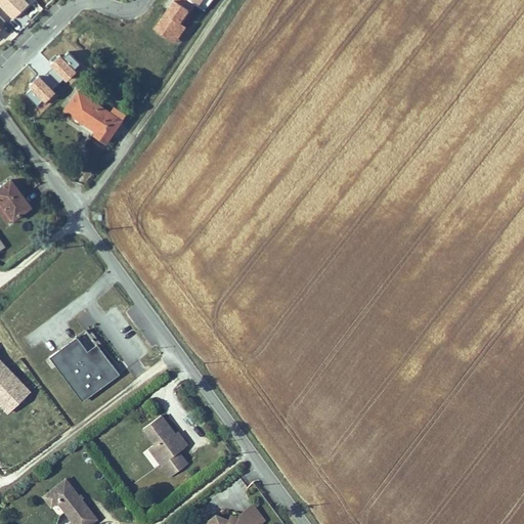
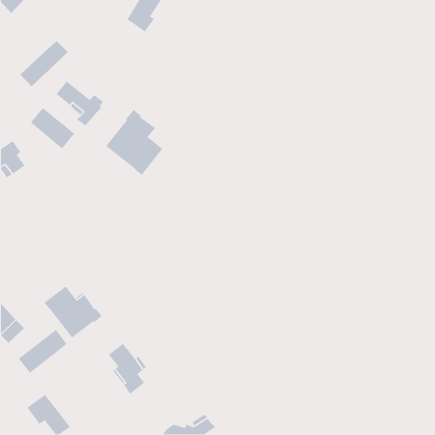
building: none -> [30,107,75,149]
building: none -> [105,109,163,176]
building: none -> [18,329,67,374]

